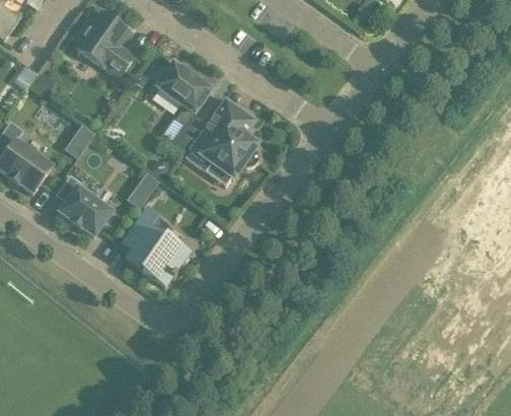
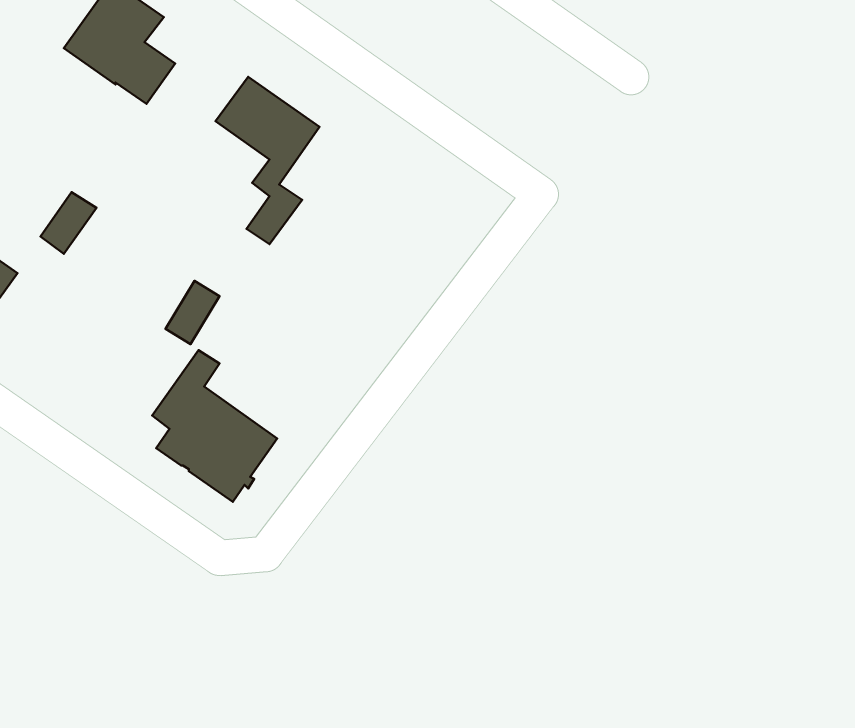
building: [187,98,260,178] -> none
building: [57,175,113,235] -> none

